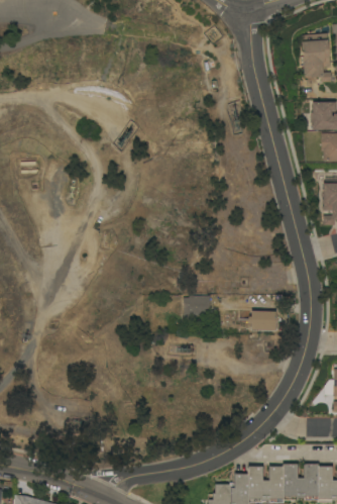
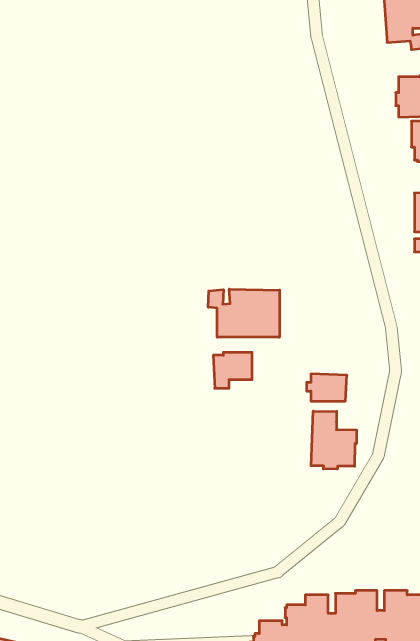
building: none -> [208,289,280,337]
building: none -> [311,411,357,469]

